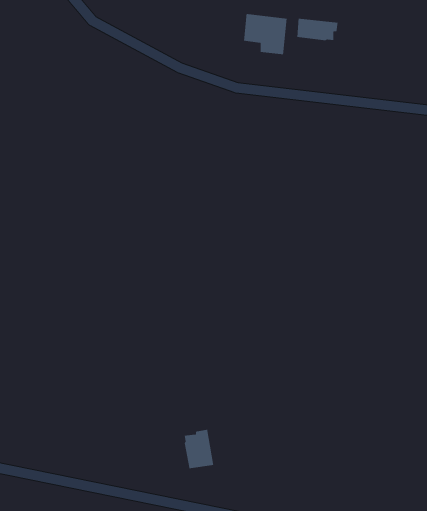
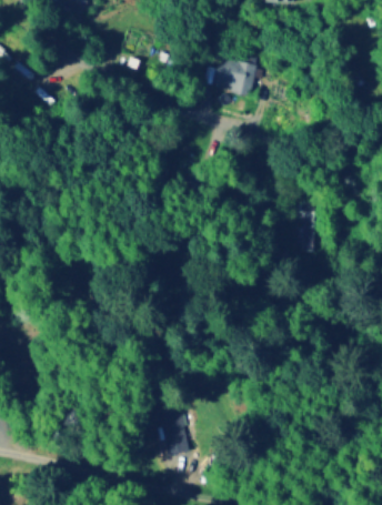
building: [296,18,338,41] -> none

